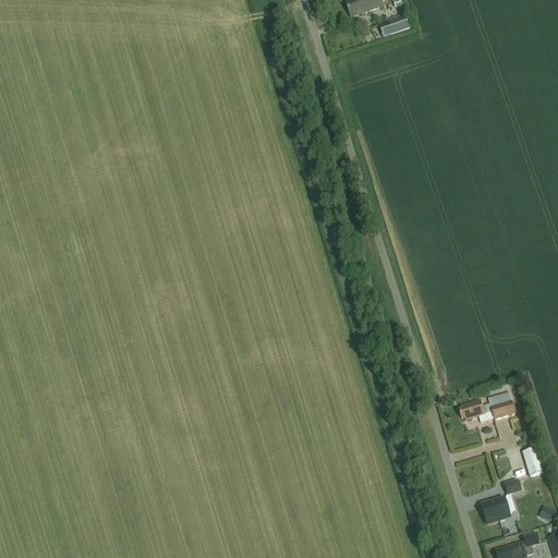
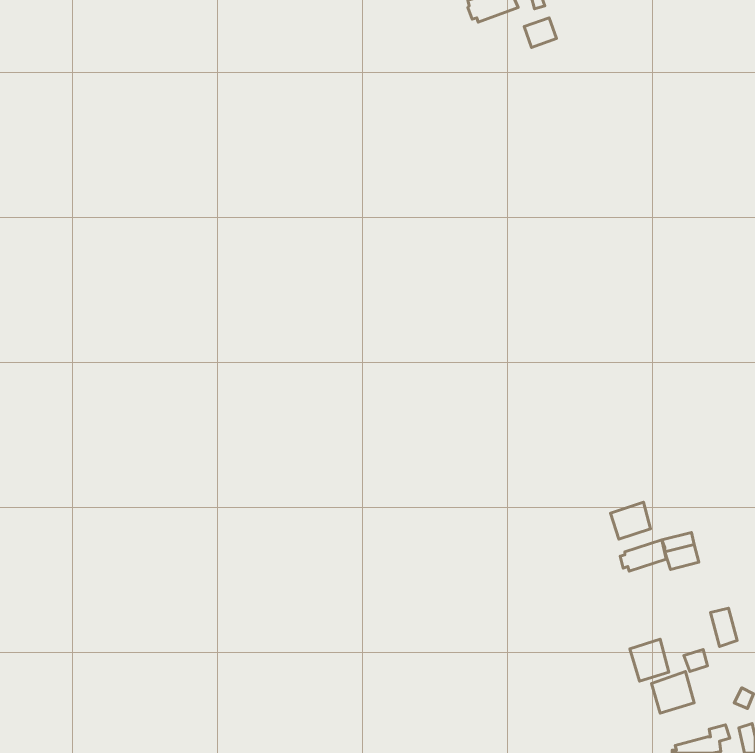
building: none -> [611,502,651,539]
building: none -> [630,639,669,681]

